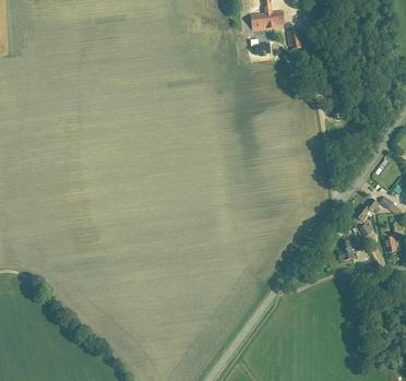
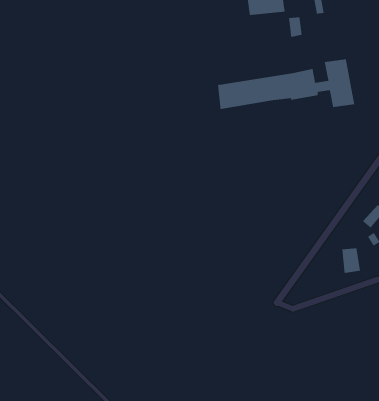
building: none -> [218,59,355,110]

